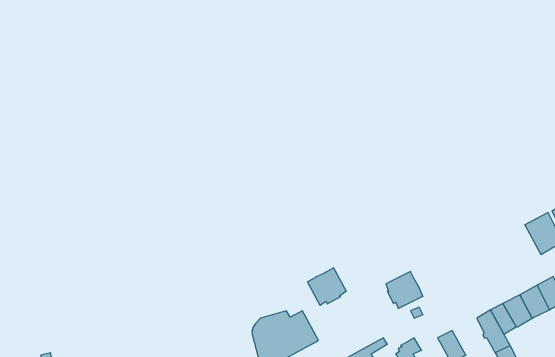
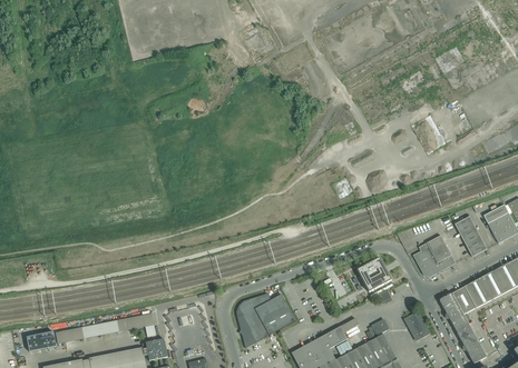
building: none -> [456,215,487,256]
building: none -> [413,235,456,276]
building: [307,268,346,305] -> none

